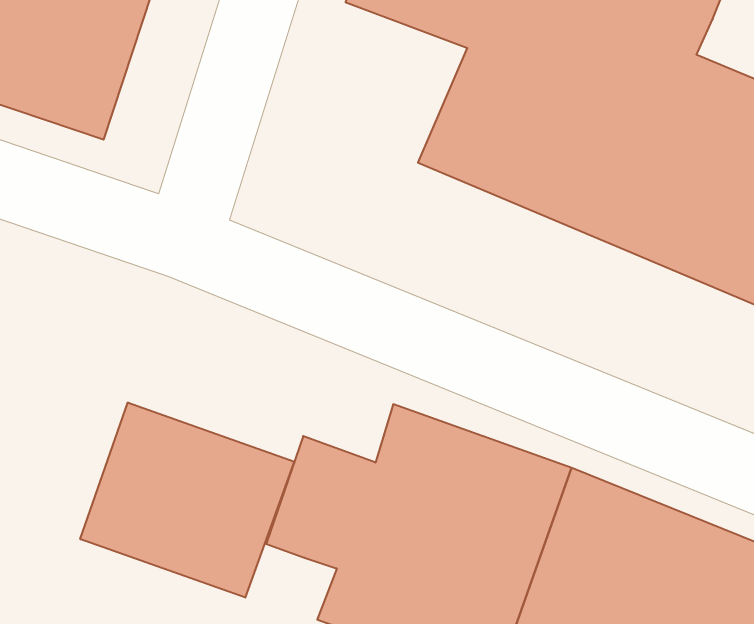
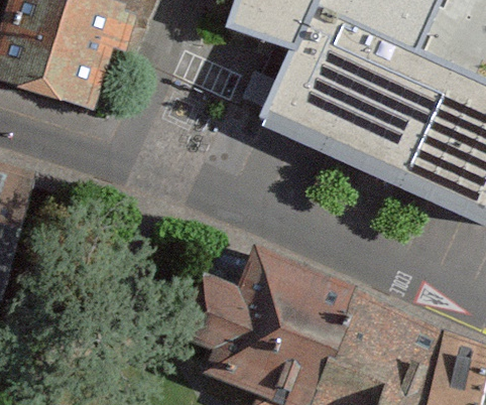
building: [80,402,294,598] -> none

